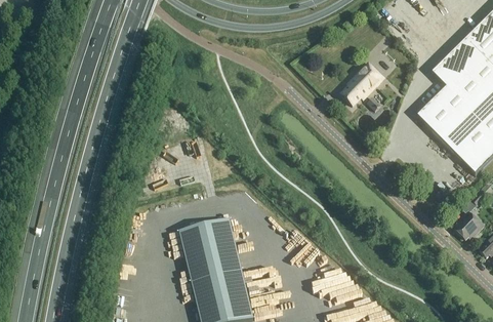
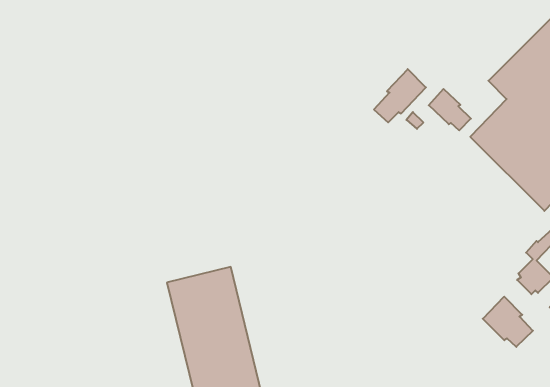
building: none -> [429,89,471,130]
building: none -> [483,297,533,347]

